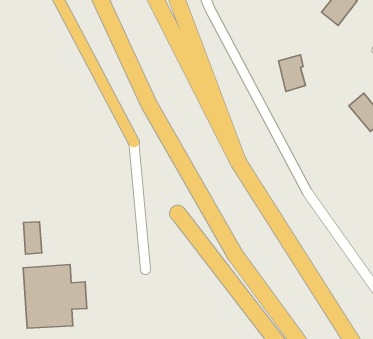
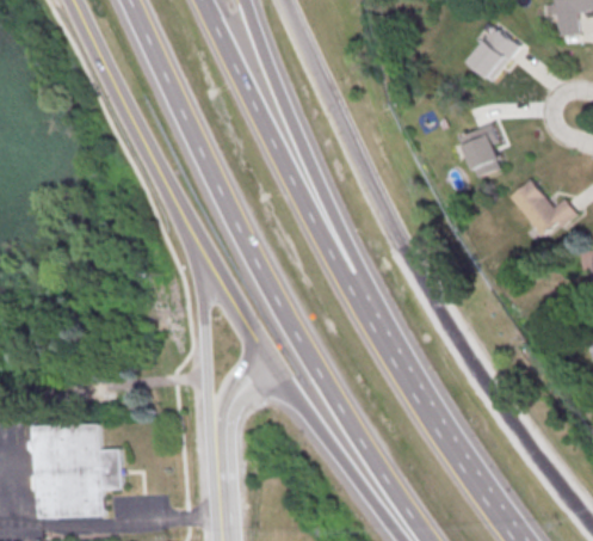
building: [278,55,306,91] -> [459,124,499,177]
building: [23,222,42,254] -> none

